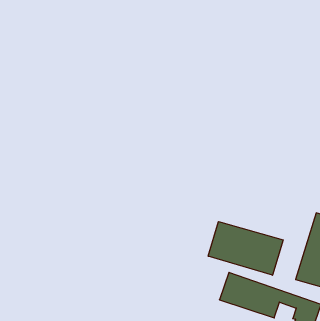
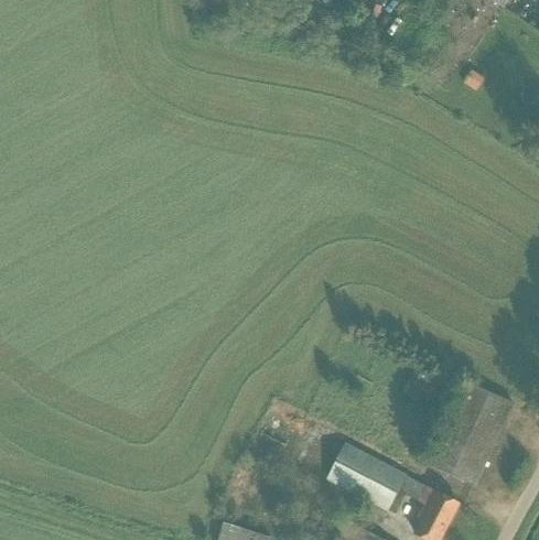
building: [208,222,283,275] -> none

